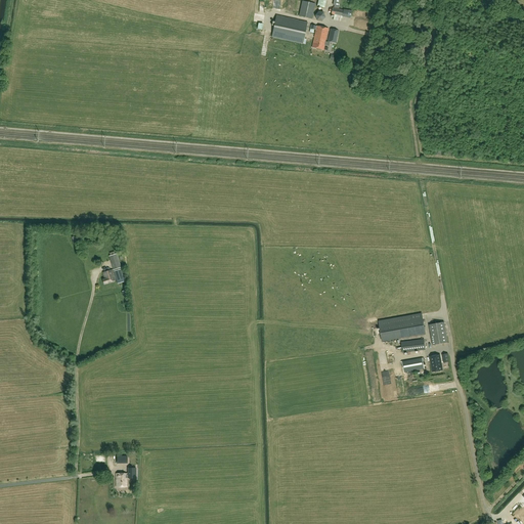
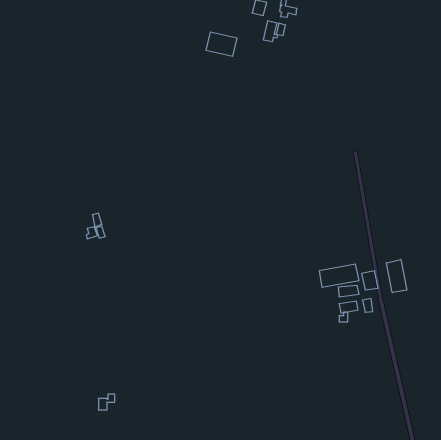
building: [271,14,308,43] -> [206,32,237,56]
building: none -> [386,259,407,293]

